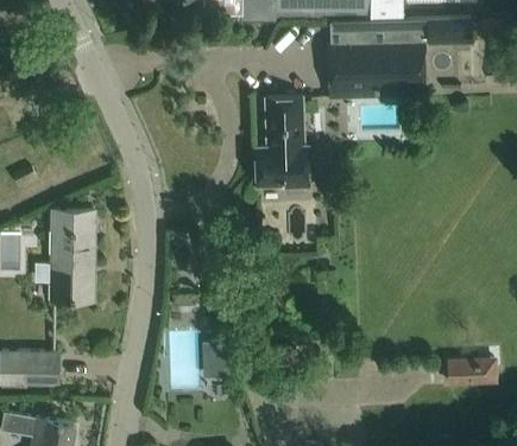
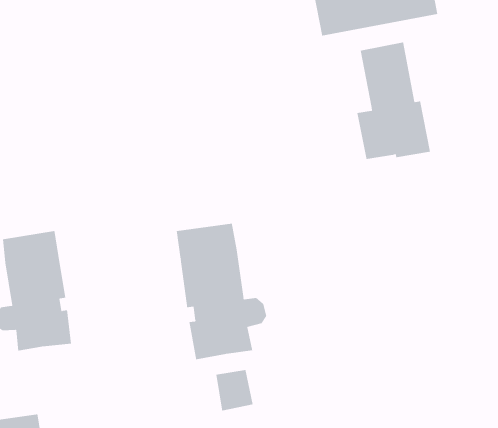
building: [256,97,309,187] -> [357,42,431,160]
building: none -> [176,223,267,360]

